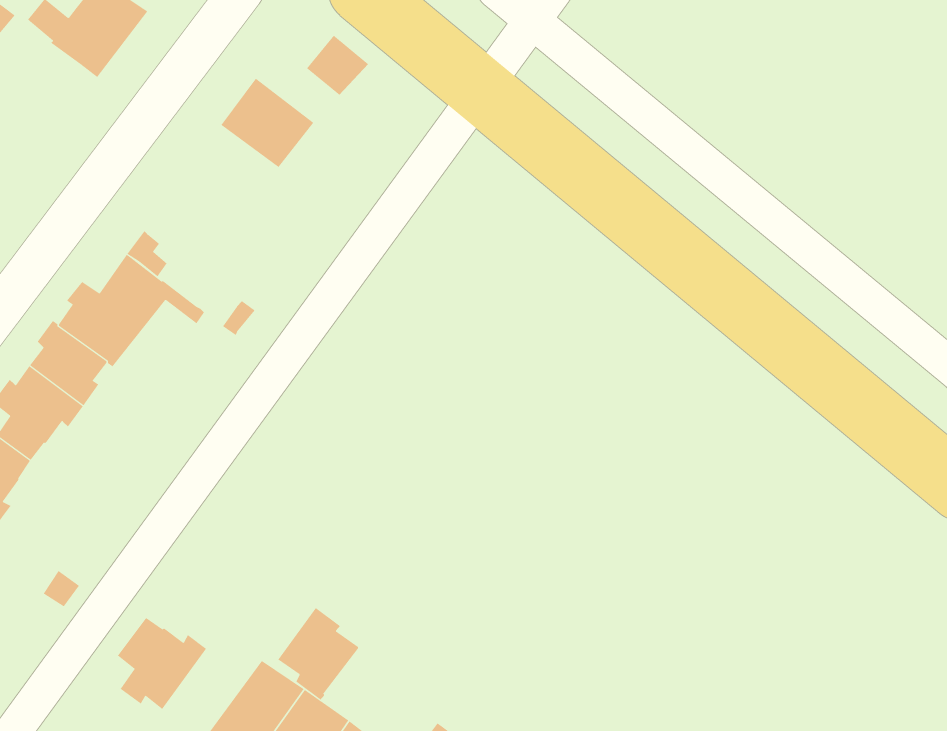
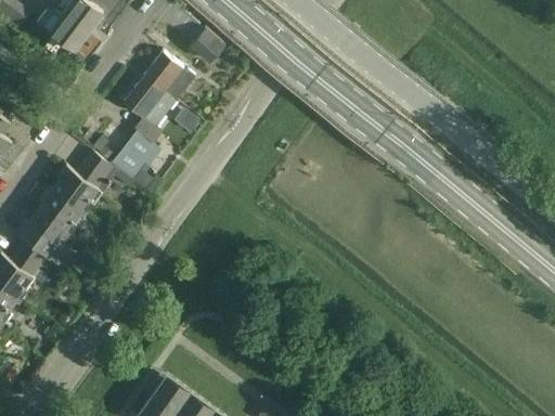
building: none -> [122,79,175,128]
building: none -> [111,131,159,184]
building: [278,607,359,701] -> none
building: [117,617,207,710] -> none

